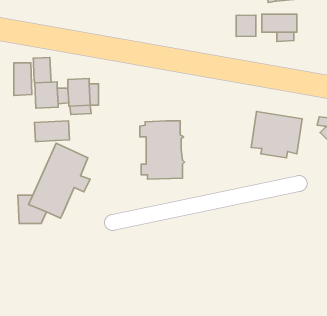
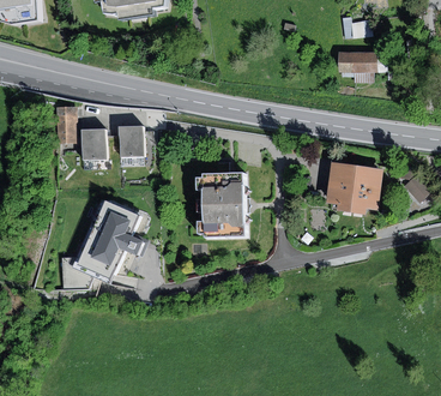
building: [236,15,256,36] -> none
building: [33,57,51,83] -> none
building: [34,121,70,142] -> none

